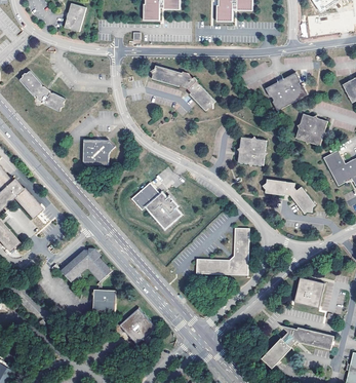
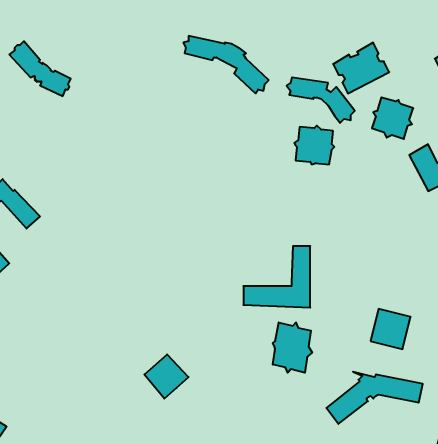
building: [82,140,114,166] -> none
building: [263,179,315,214] -> [287,77,355,123]
building: [131,182,182,228] -> none
building: [64,251,114,311] -> none
building: none -> [273,322,312,373]

